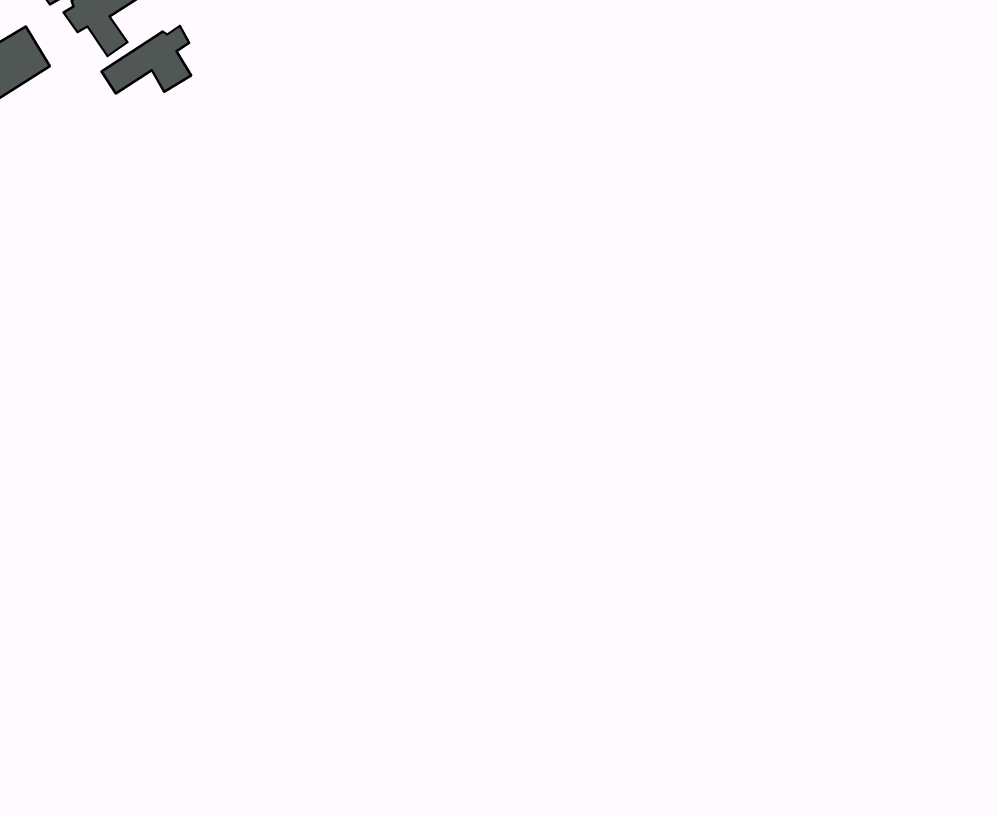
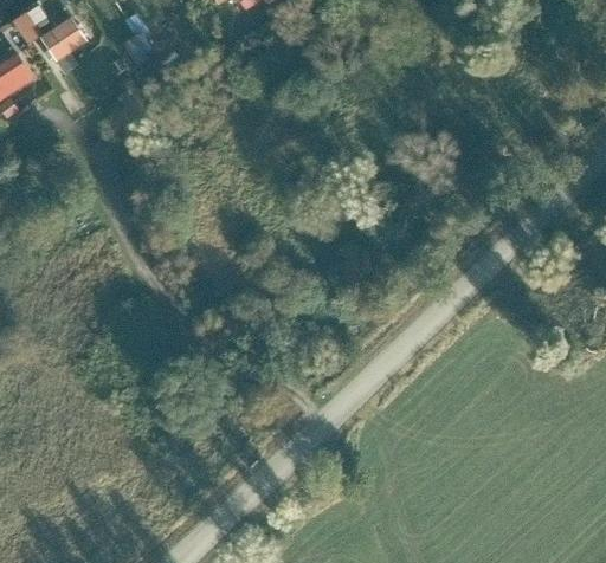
building: [102,26,191,93] -> none

